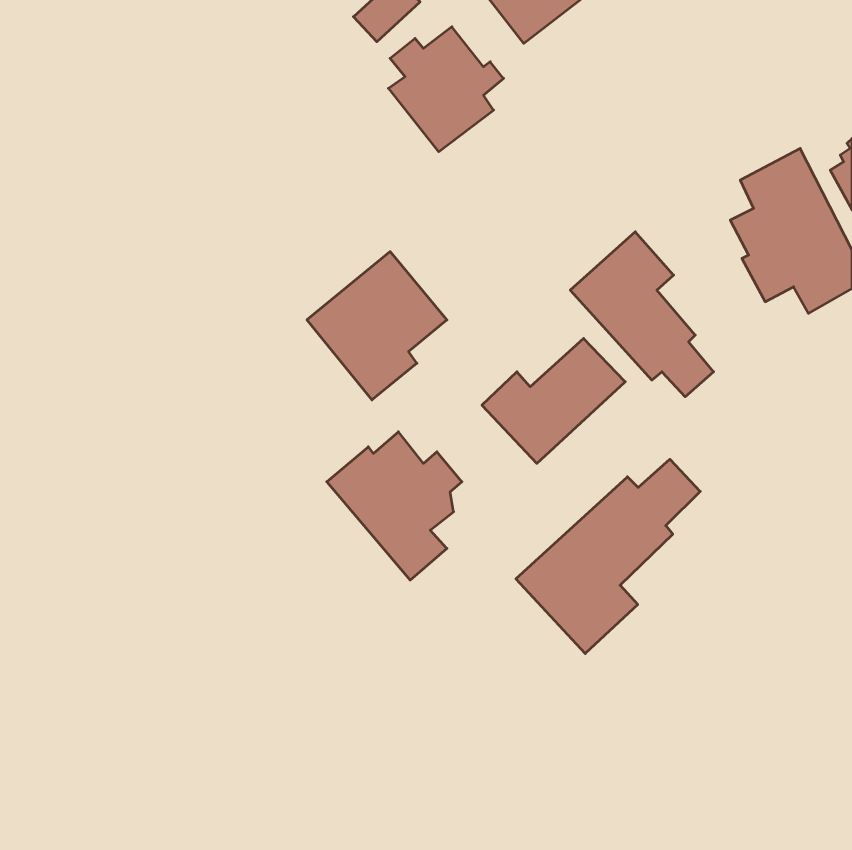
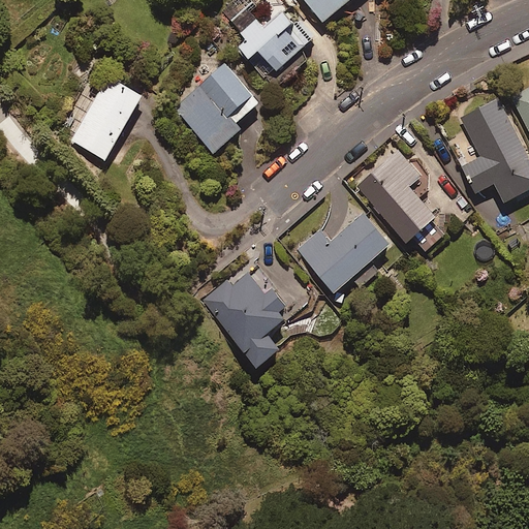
building: none -> [71,82,145,164]
building: [307,252,447,400] -> [176,68,262,160]
building: [516,459,700,654] -> none

